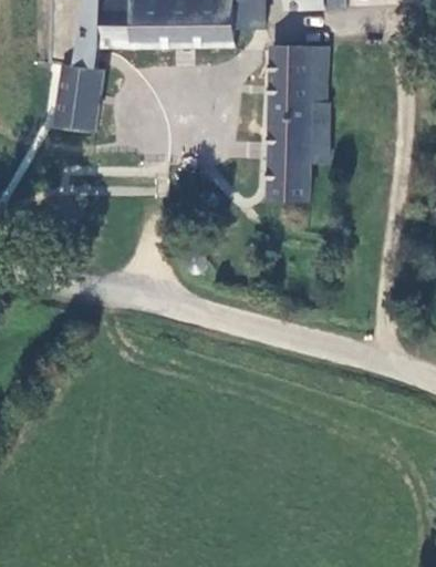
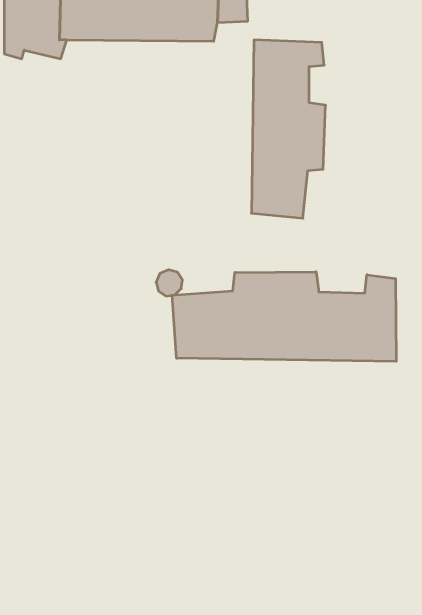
building: [51,53,104,130] -> none
building: none -> [172,272,396,361]

